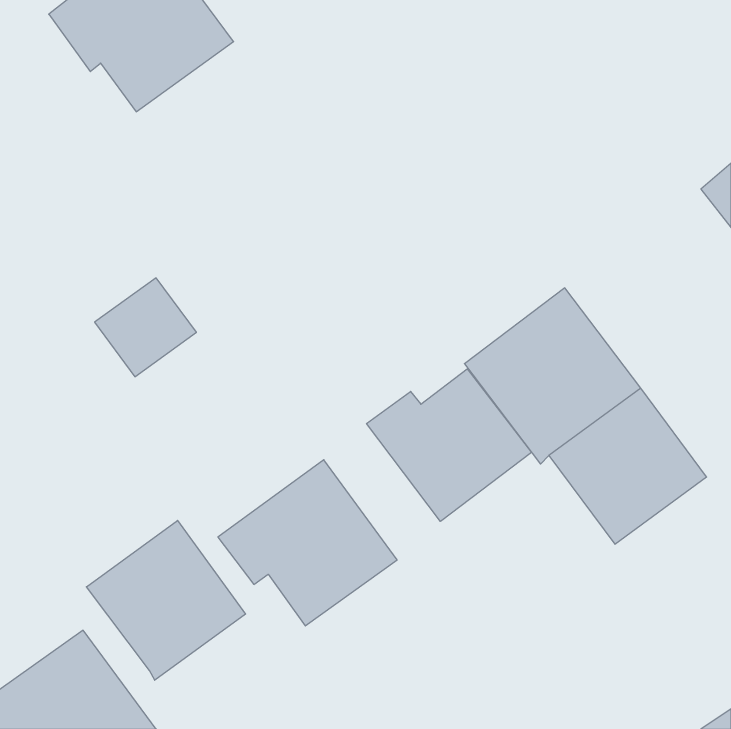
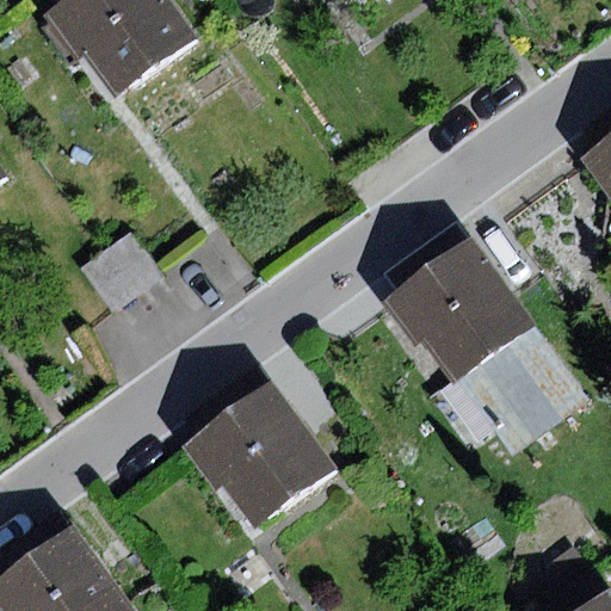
building: [367,369,532,521] -> none
building: [86,520,246,680] -> none

